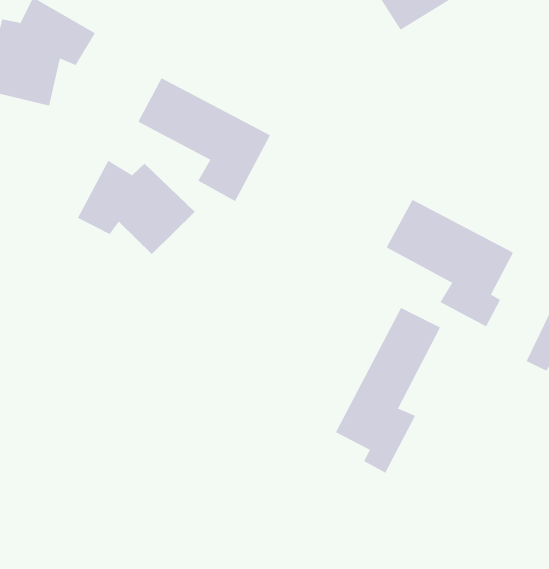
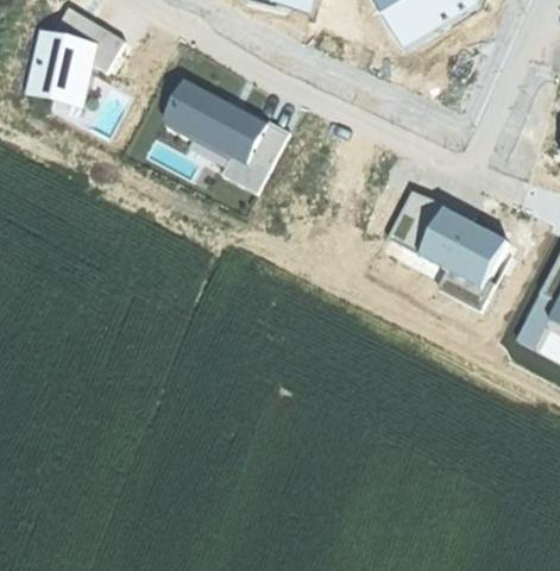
building: [77,160,196,255] -> none
building: [335,307,441,473] -> none

